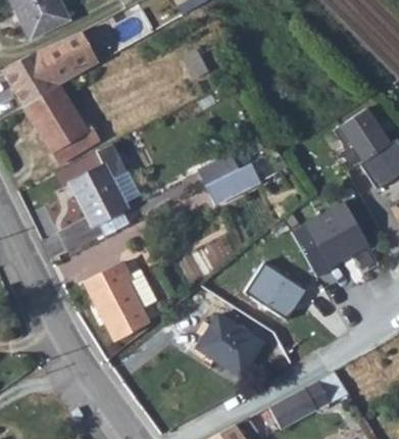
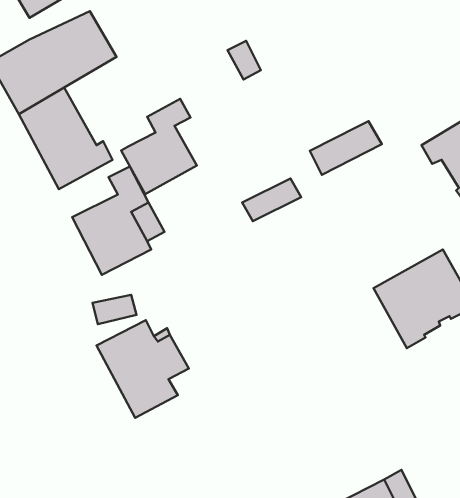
building: none -> [121,99,197,194]
building: [205,165,260,206] -> [310,121,382,175]
building: [245,264,306,321] -> none
building: [200,316,265,377] -> none

